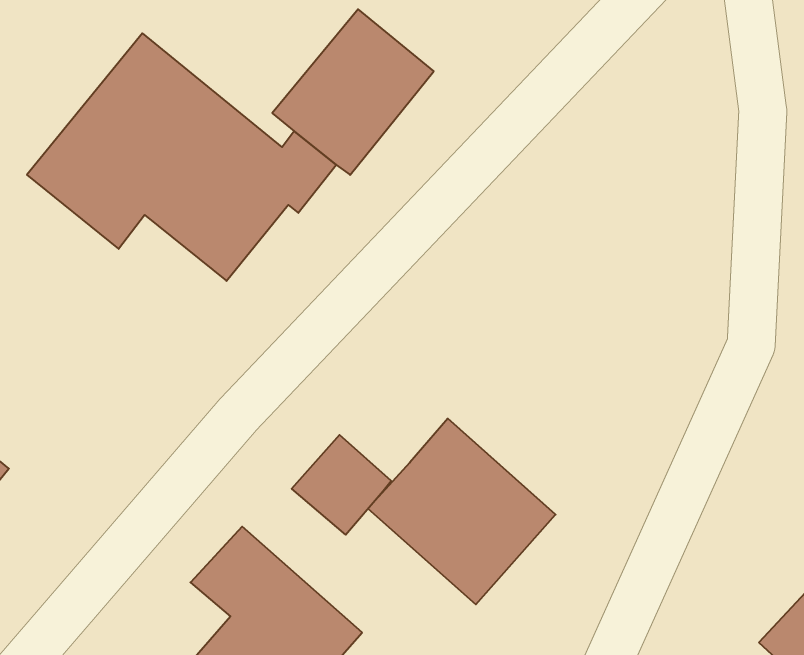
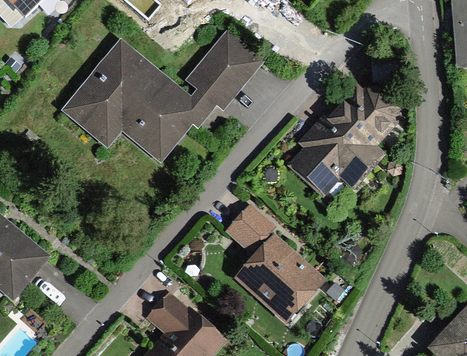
building: none -> [289,80,400,196]
building: [292,435,391,535] -> [226,204,276,254]

